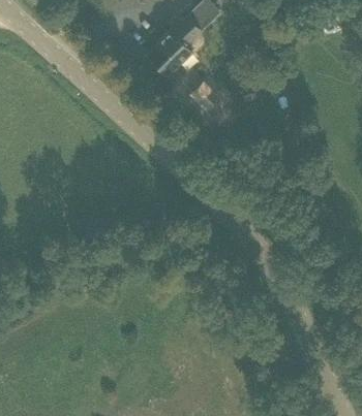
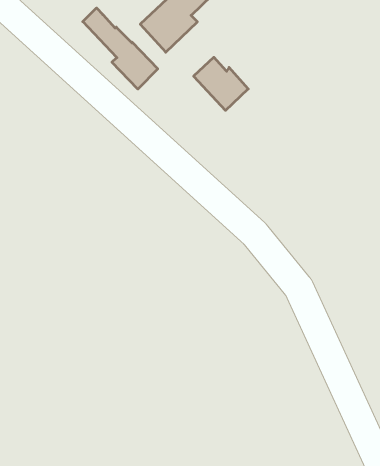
building: none -> [83,8,158,89]

